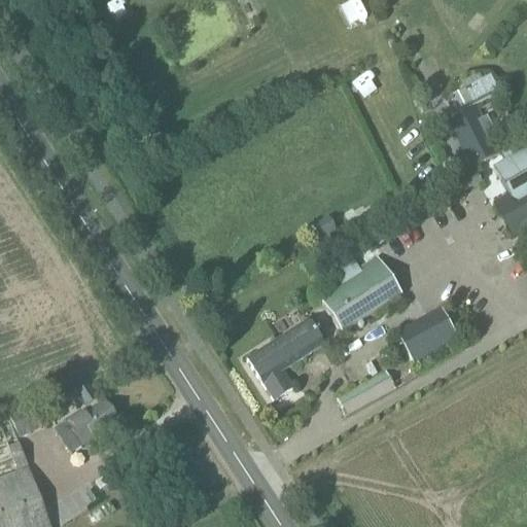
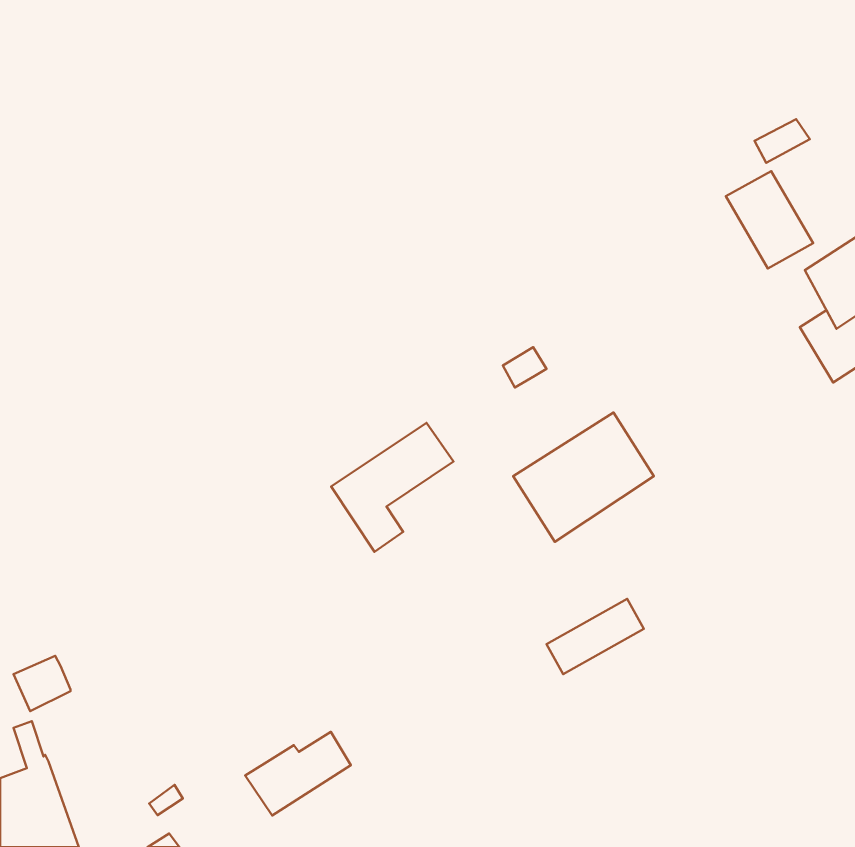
building: [392,307,459,363] -> none
building: [249,318,324,397] -> [331,423,453,552]
building: [54,399,118,451] -> [245,732,351,816]

